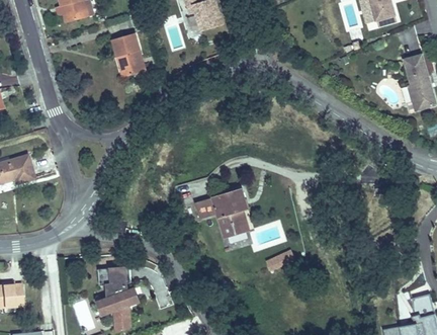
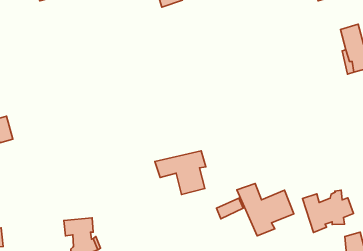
building: [111,34,143,78] -> none
building: none -> [237,184,294,236]
building: none -> [302,190,353,232]

